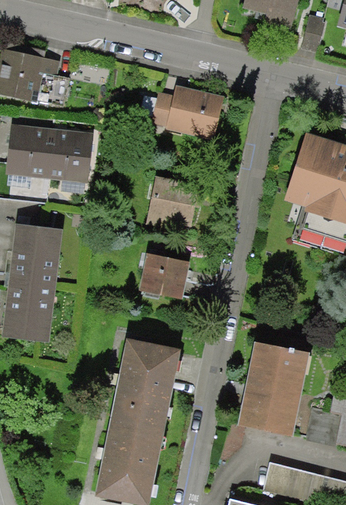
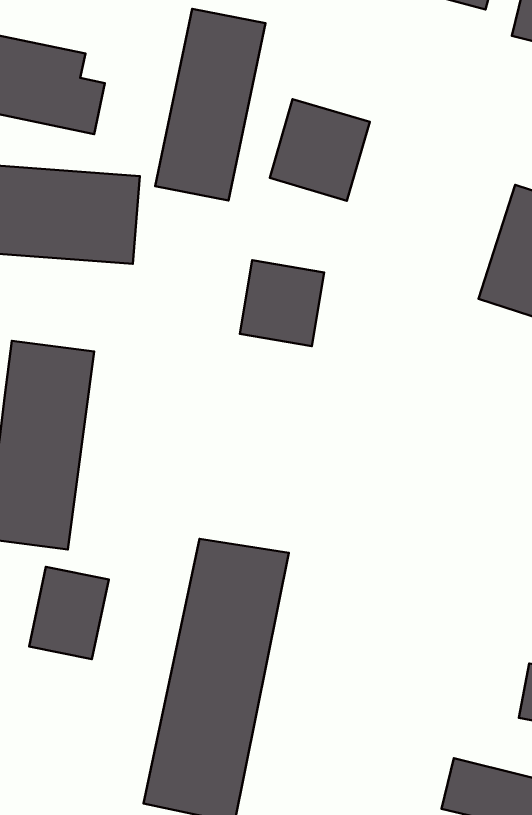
building: none -> [155,9,265,201]
building: [138,250,191,299] -> none
building: [237,343,305,433] -> none
building: none -> [29,567,109,659]

